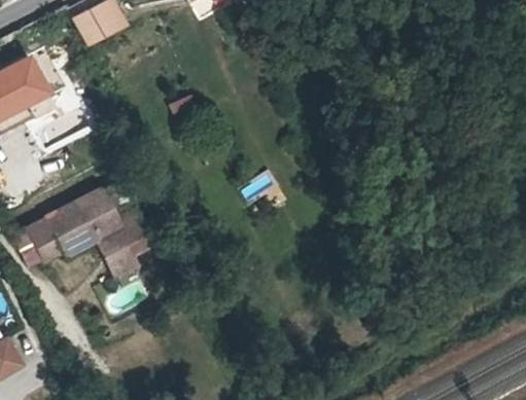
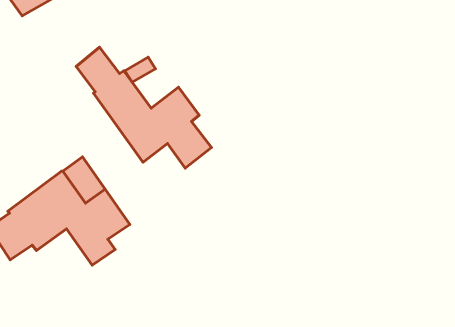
building: none -> [76,47,212,168]

